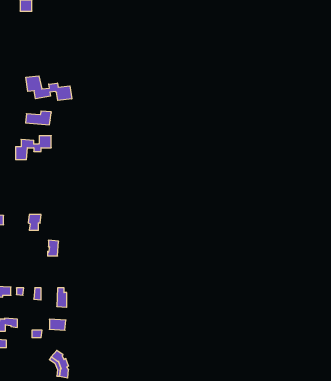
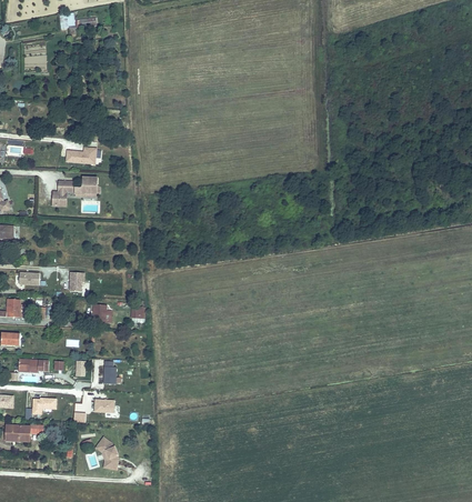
building: [26,76,72,100] -> none

